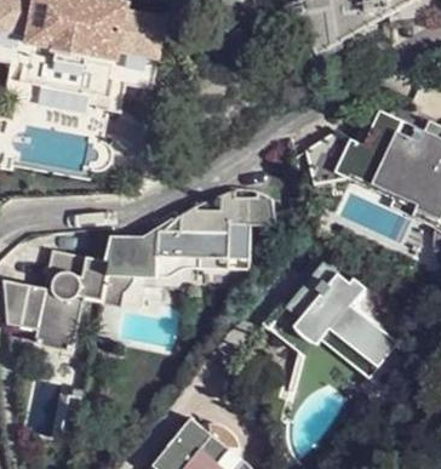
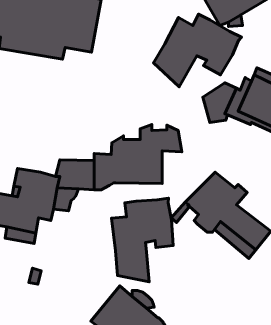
building: none -> [153,14,241,87]
building: none -> [112,198,173,282]

